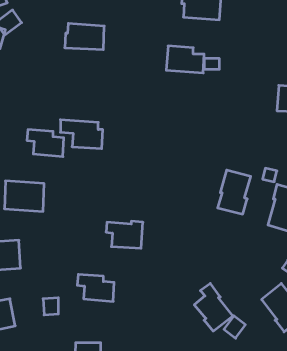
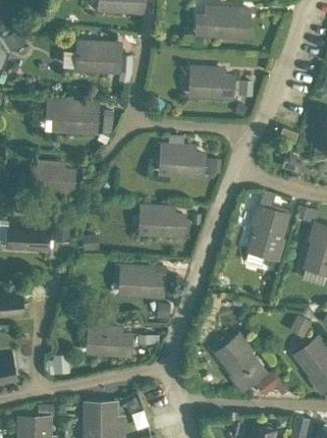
building: none -> [162,145,204,175]
building: [60,120,103,149] -> [55,99,103,131]
building: none -> [142,206,183,235]

